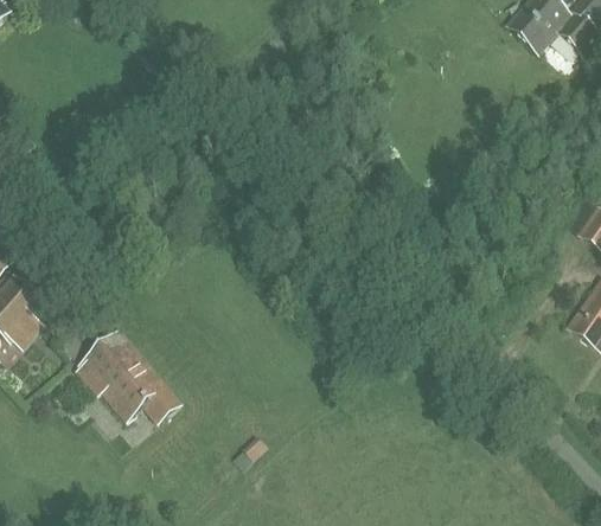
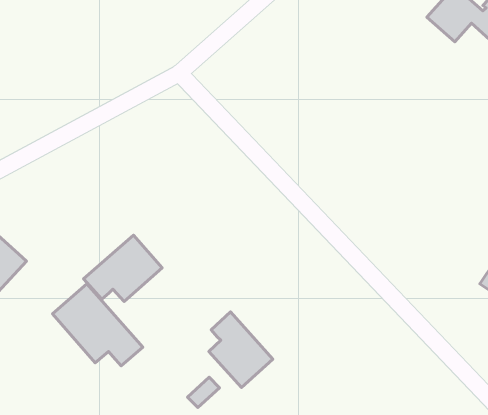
building: none -> [83,235,162,302]
building: none -> [209,312,273,387]

